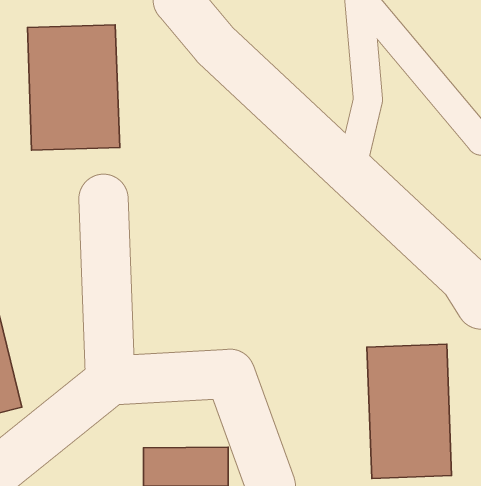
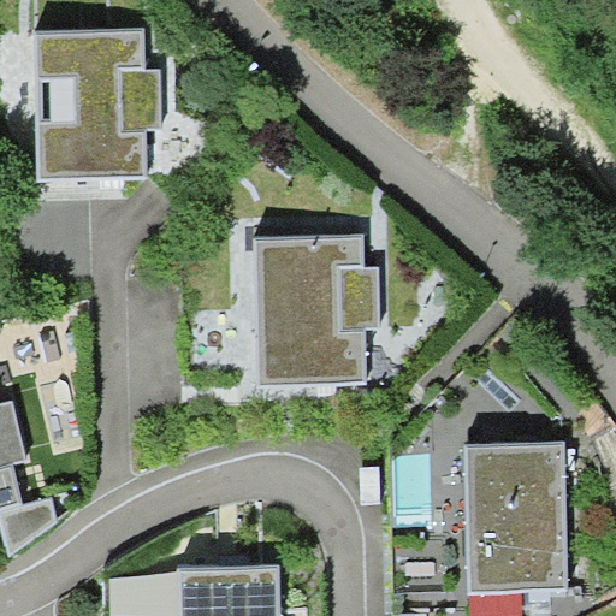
building: none -> [256,227,366,393]

